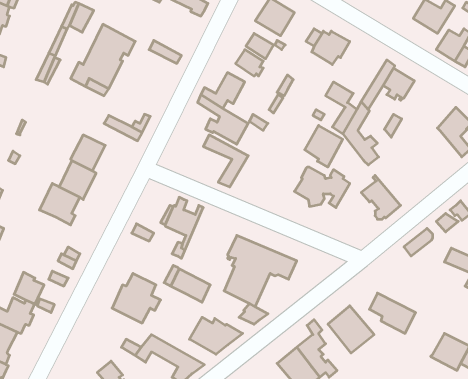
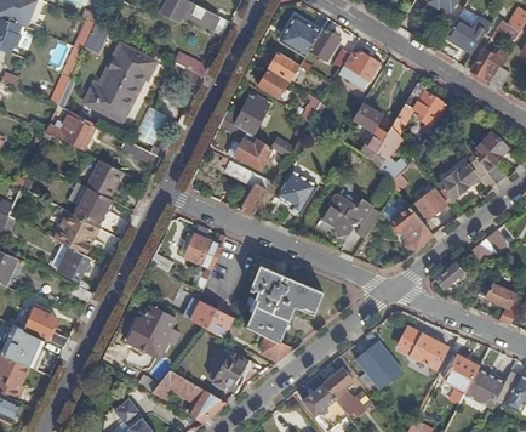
building: none -> [309,28,339,61]
building: none -> [45,112,96,149]
building: [305,125,343,167] -> [275,170,315,214]
building: none -> [439,155,496,200]
building: none -> [414,183,447,218]
building: none -> [57,246,90,280]
building: none -> [444,354,478,391]

